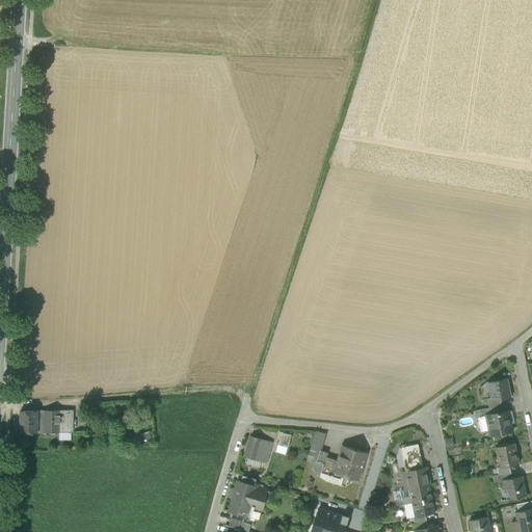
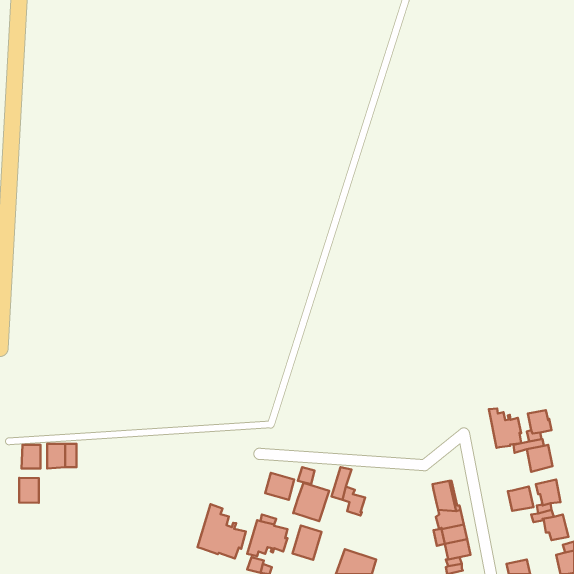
building: none -> [489,408,521,448]
building: none -> [19,478,39,503]
building: [334,446,367,481] -> [293,483,329,521]
building: none -> [508,487,534,511]
building: none -> [197,504,246,559]
building: none -> [292,525,322,560]

